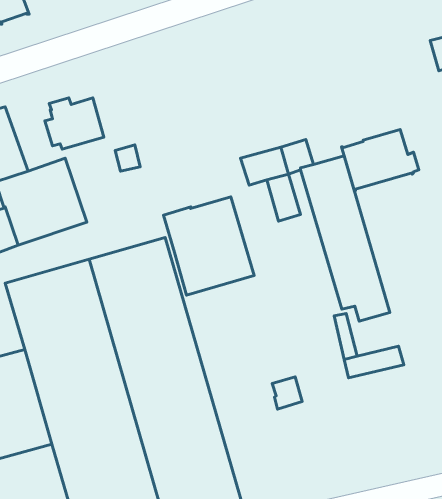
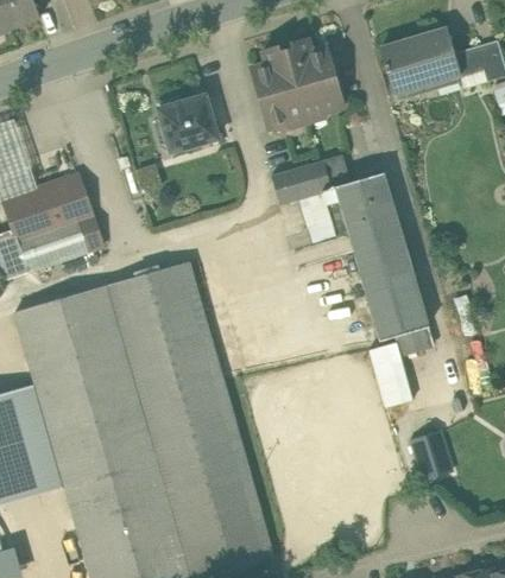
building: none -> [252,39,345,129]
building: [45,98,104,149] -> [153,96,217,152]
building: [341,129,419,191] -> [381,28,466,96]
building: [163,197,254,295] -> none
building: [272,377,302,409] -> none
building: none -> [411,431,452,481]

